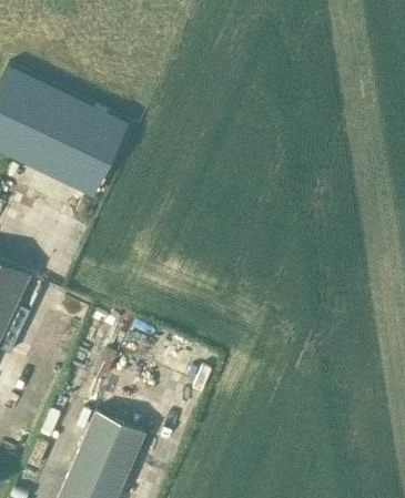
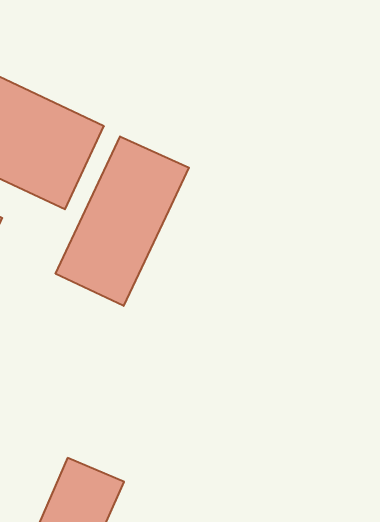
building: none -> [56,136,189,306]

